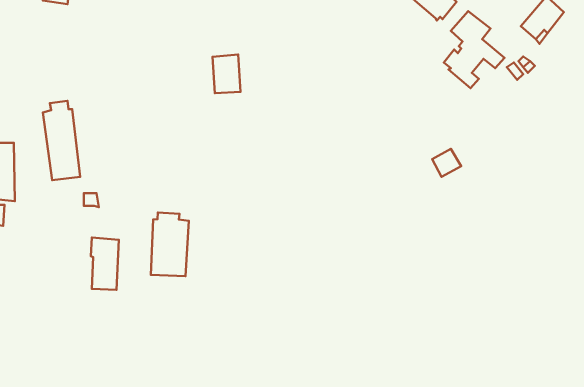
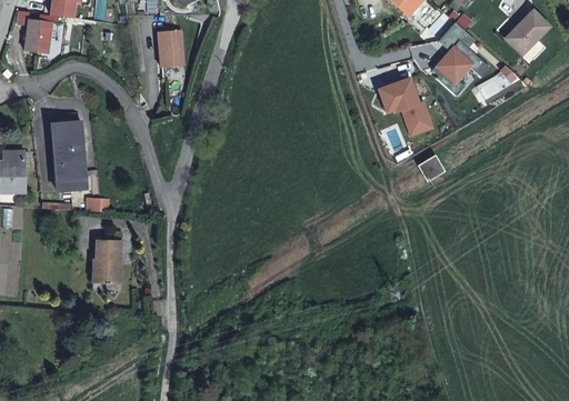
building: none -> [24,18,52,52]
building: [213,55,240,93] -> [158,30,184,67]
building: none -> [380,80,436,134]
building: [151,213,189,276] -> none

